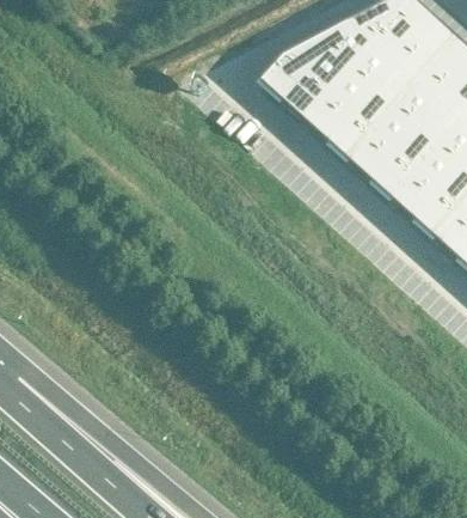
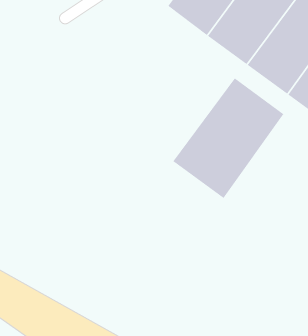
building: none -> [173,78,284,199]

